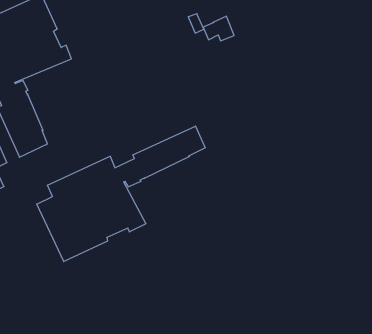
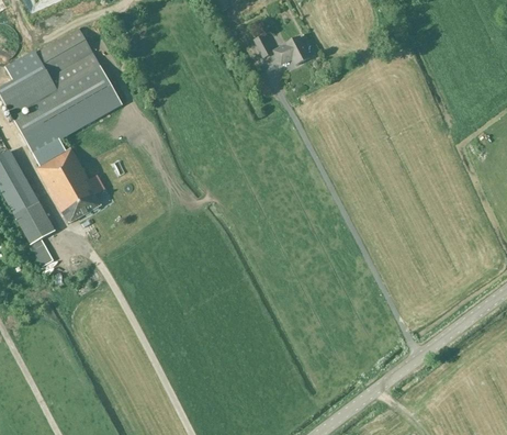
building: [37,126,205,262] -> none

